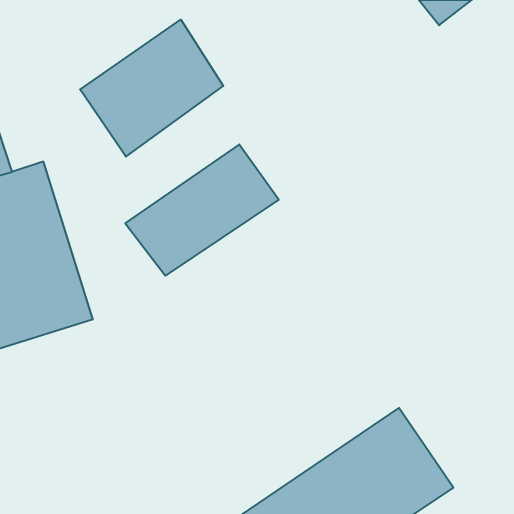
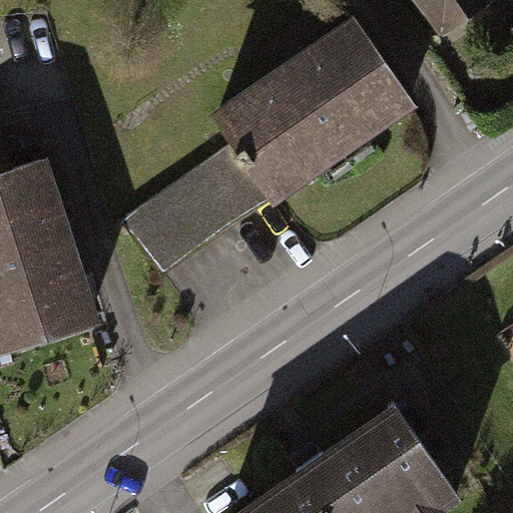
building: none -> [214,16,414,200]
building: [80,20,223,157] -> none

